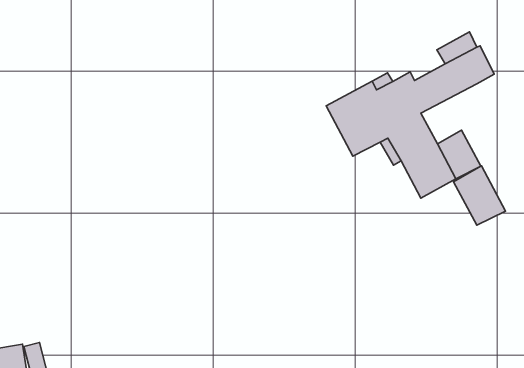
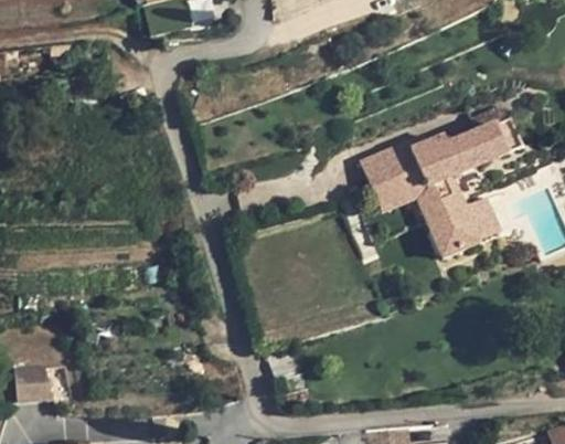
building: [453,166,505,225] -> none

